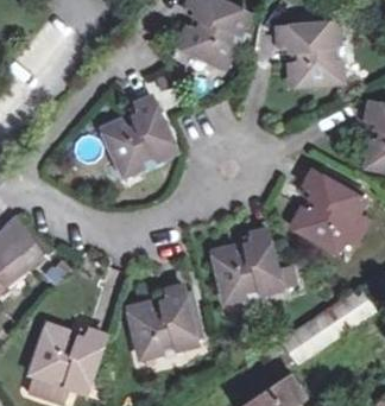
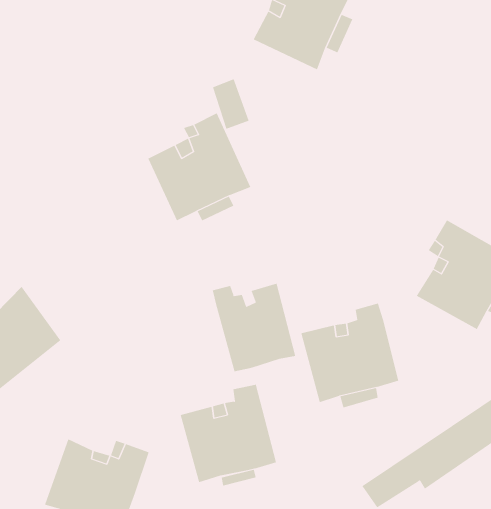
building: [278,26,337,85] -> none
building: none -> [212,283,296,372]

